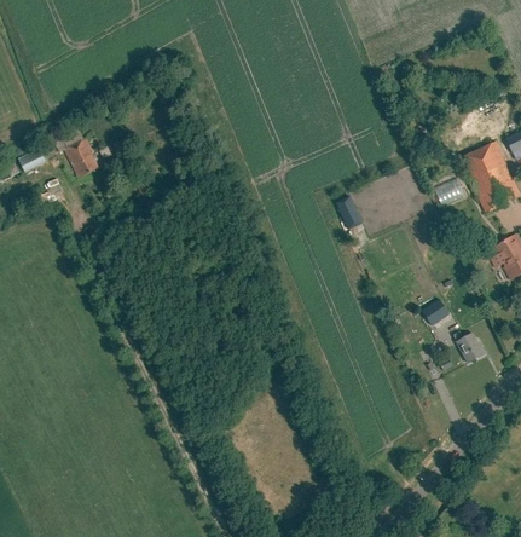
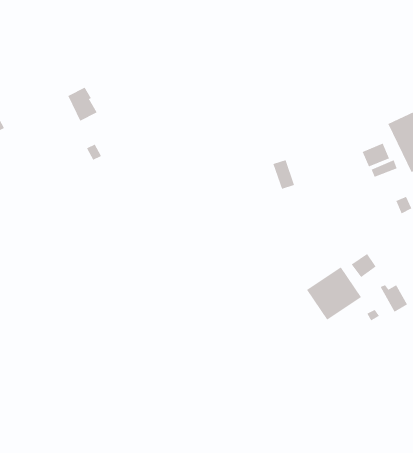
building: [64,140,97,178] -> [67,87,98,122]
building: none -> [306,266,362,320]

